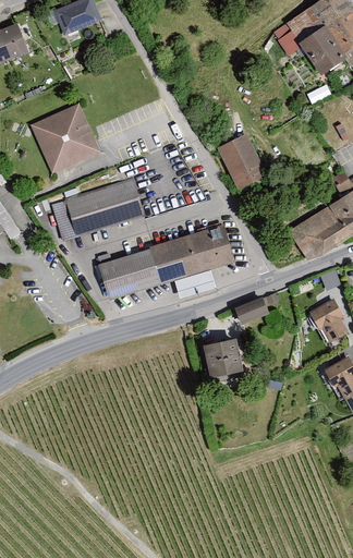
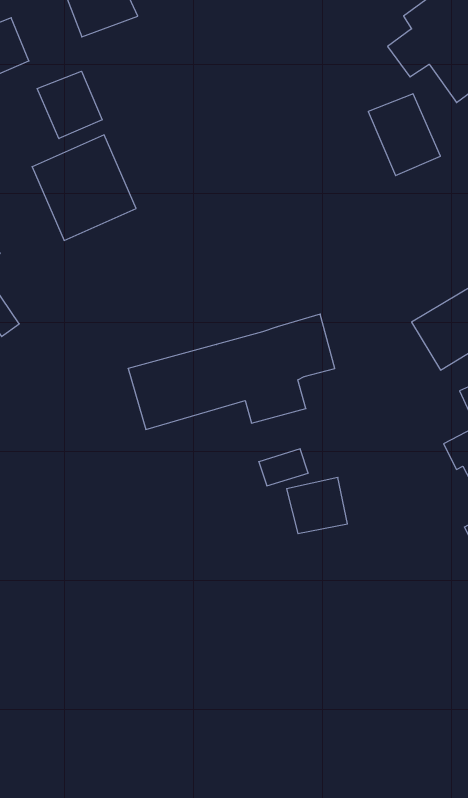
building: none -> [37,71,102,139]
building: [217,134,266,190] -> [368,94,440,176]
building: [50,180,144,241] -> none
building: [235,296,269,322] -> [259,449,308,486]

